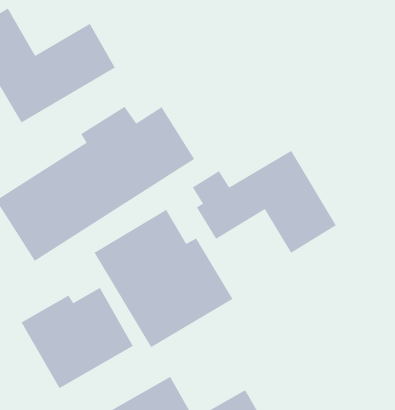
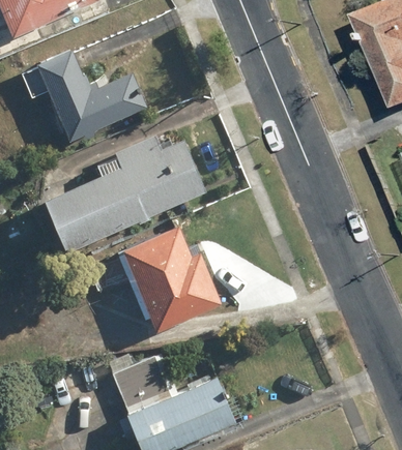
building: [192,150,337,254] -> none
building: [20,287,134,389] -> none

